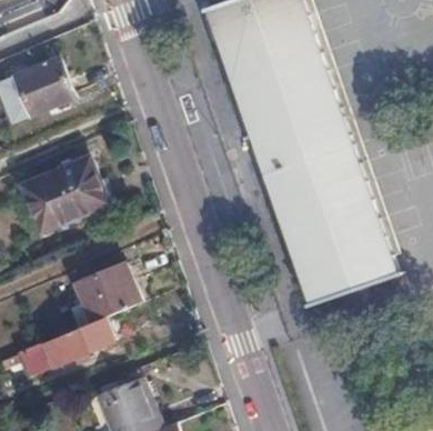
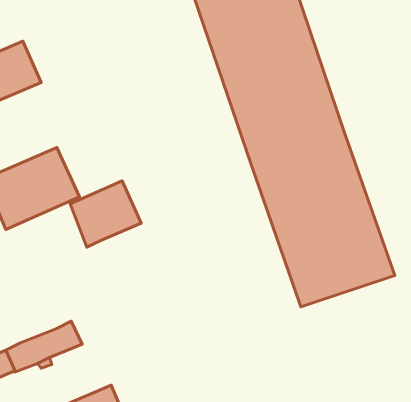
building: [73,262,139,323] -> [70,181,141,247]

